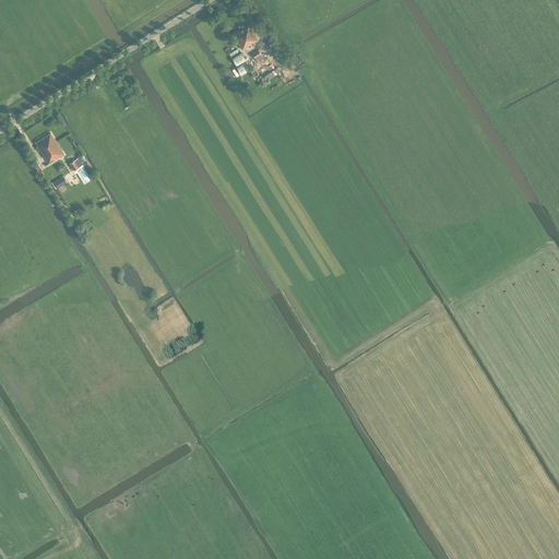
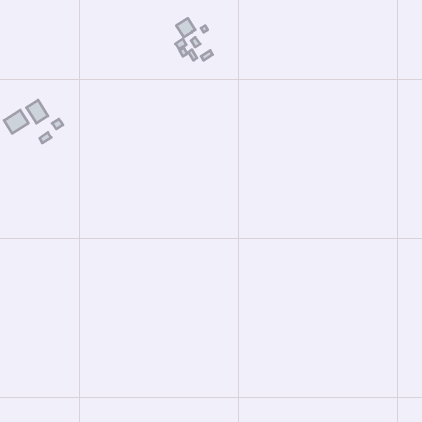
building: none -> [4,110,28,133]

